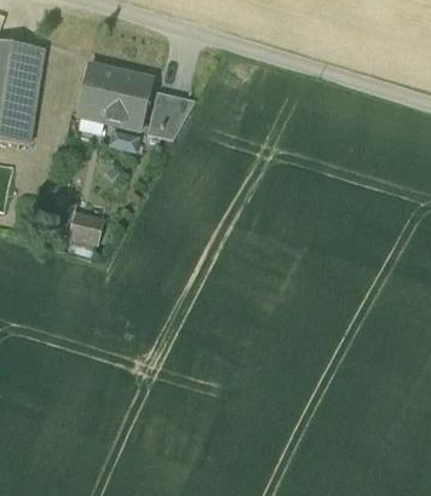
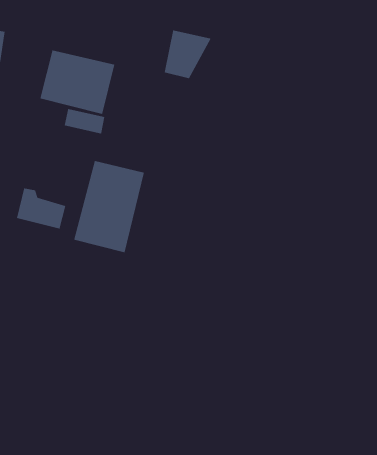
building: [148,91,195,139] -> [164,30,211,79]
building: none -> [74,160,145,253]

